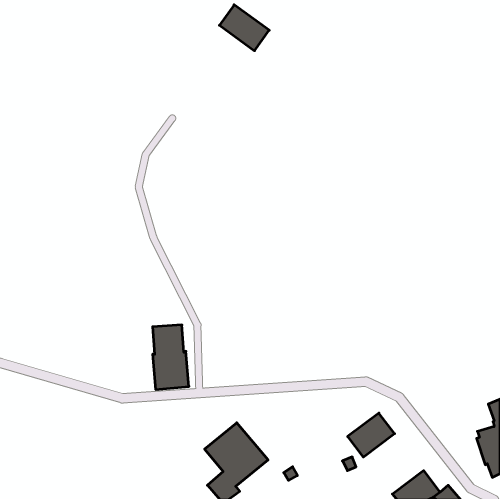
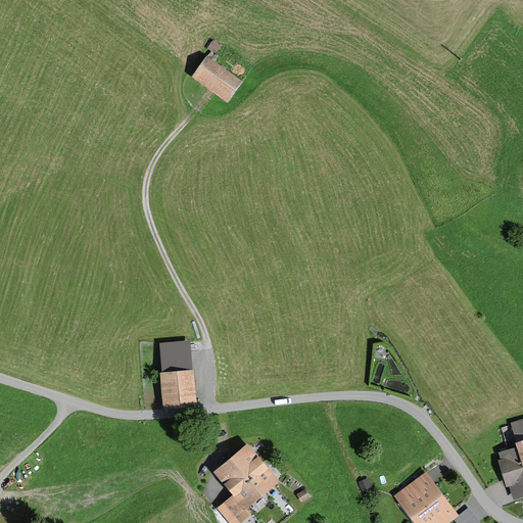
building: [219,5,269,51] -> [191,57,243,105]
building: [348,413,395,457] -> [393,471,442,517]

